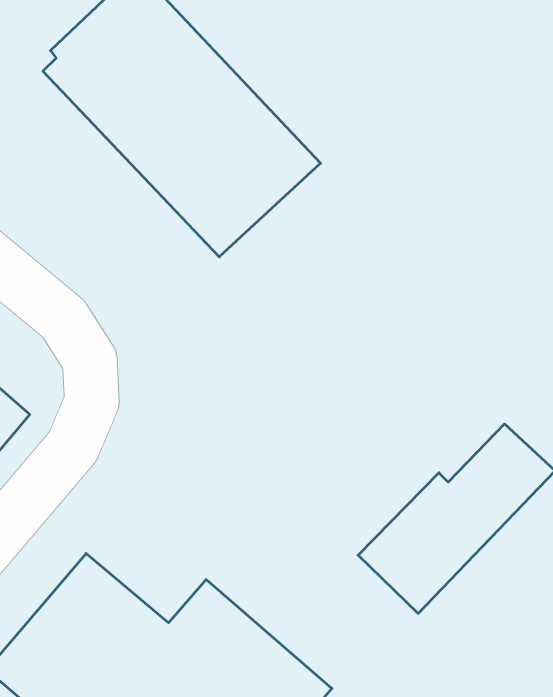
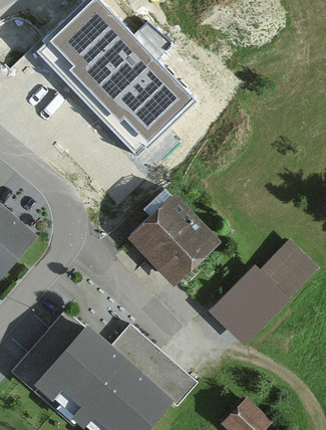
building: none -> [137,196,219,279]

